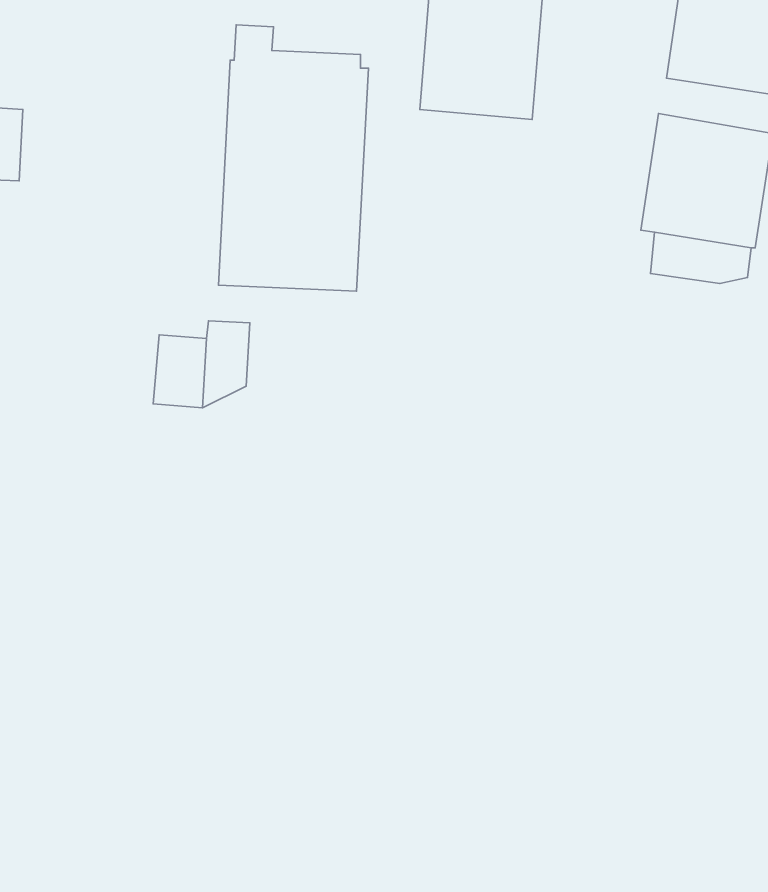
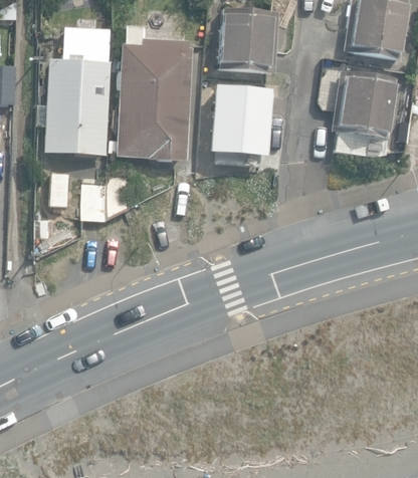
building: none -> [36,27,111,155]
building: none -> [213,87,275,152]

